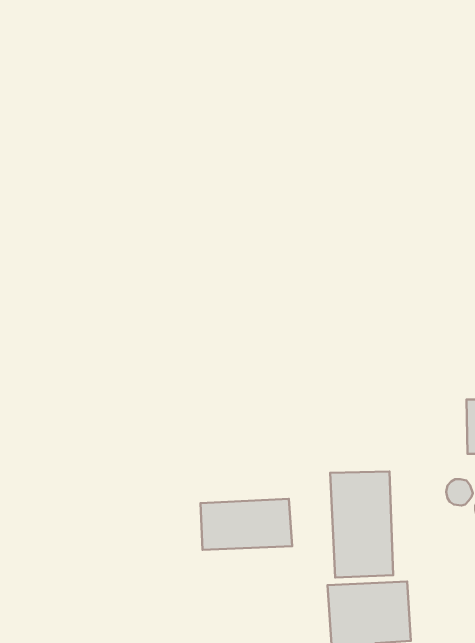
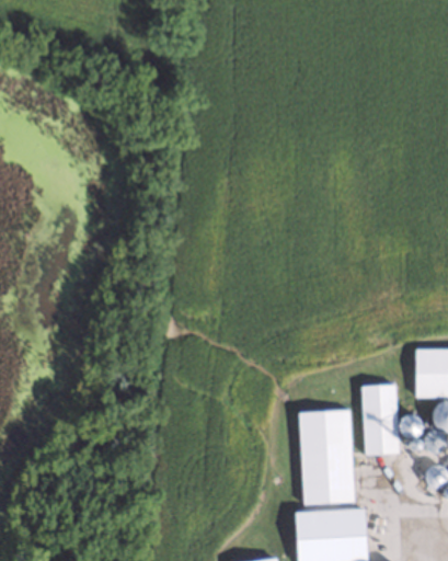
building: none -> [363,385,398,451]
building: [200,499,292,550] -> none

